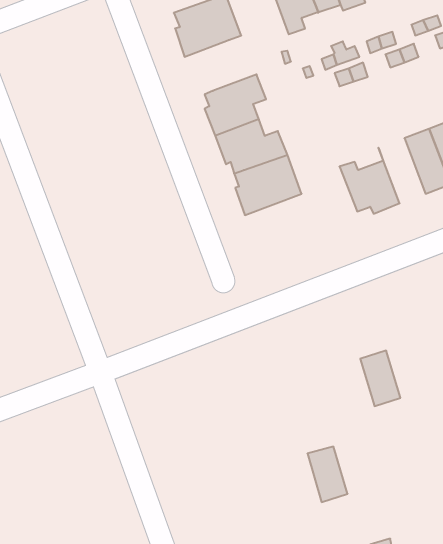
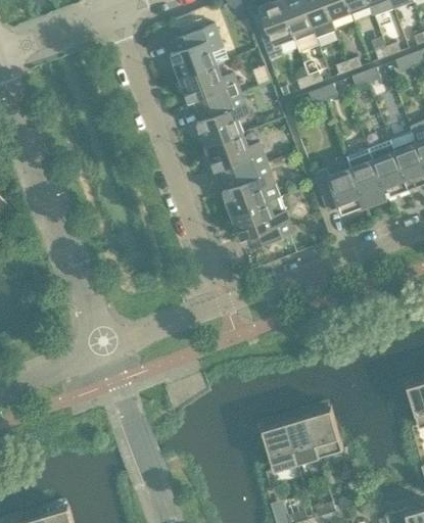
building: none -> [178,63,240,110]
building: none -> [345,148,386,204]
building: none -> [230,196,292,248]
building: [360,351,400,406] -> [307,408,341,456]
building: none -> [261,421,296,469]

